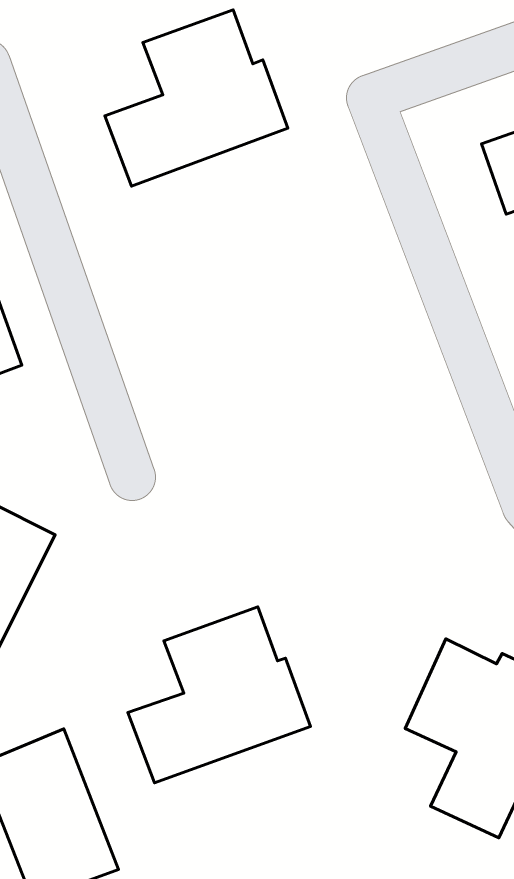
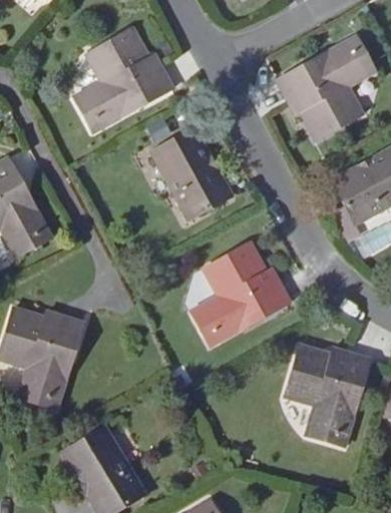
building: none -> [151,127,231,218]
building: [128,607,311,783] -> [190,242,289,345]

